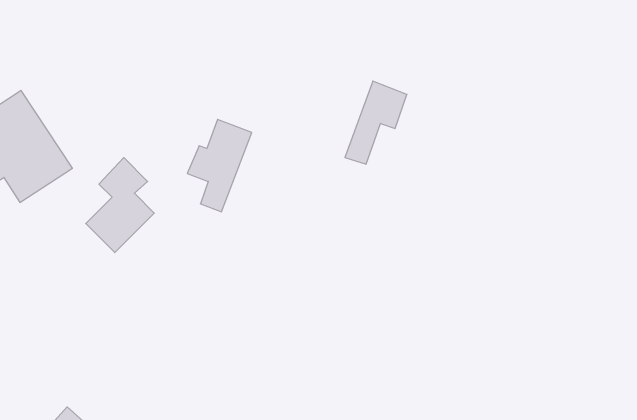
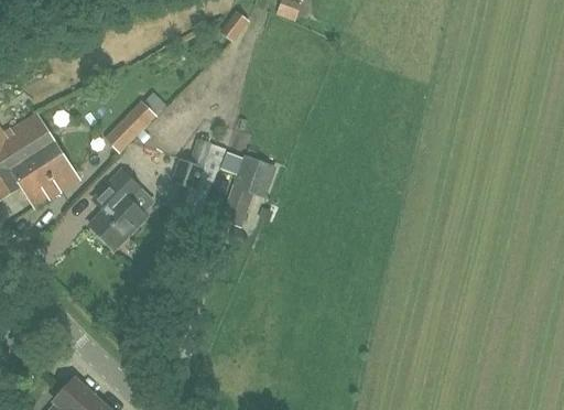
building: none -> [107,91,169,152]
building: [345,81,407,164] -> [221,157,273,226]

